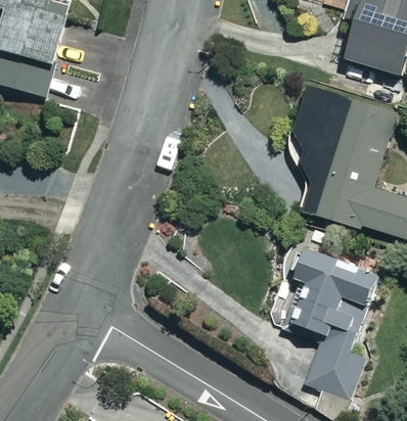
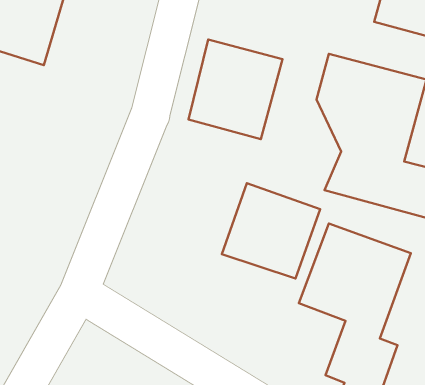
building: none -> [188,40,282,139]
building: none -> [222,183,320,278]

